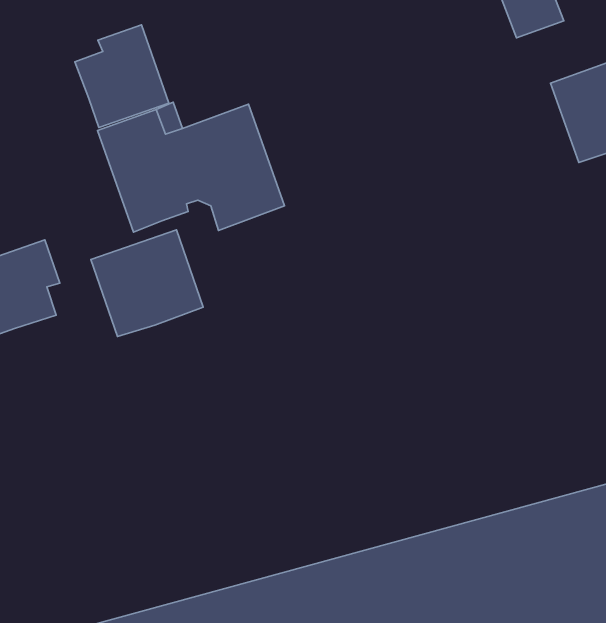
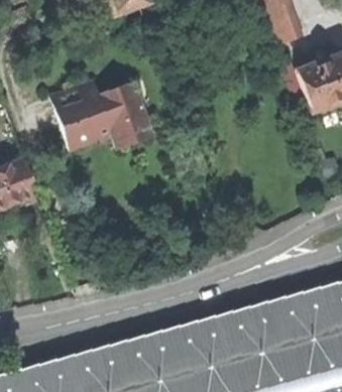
building: [75,25,169,127] -> none
building: [91,230,203,337] -> none

